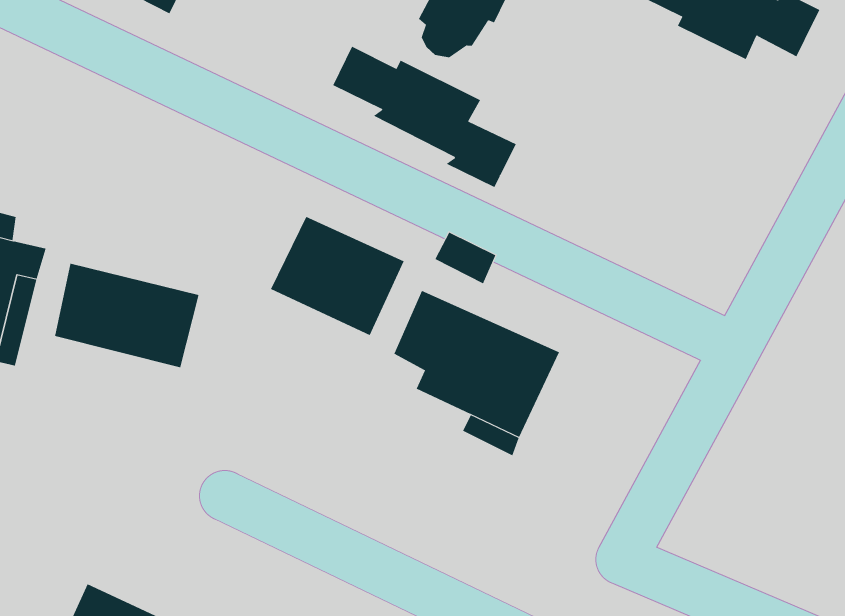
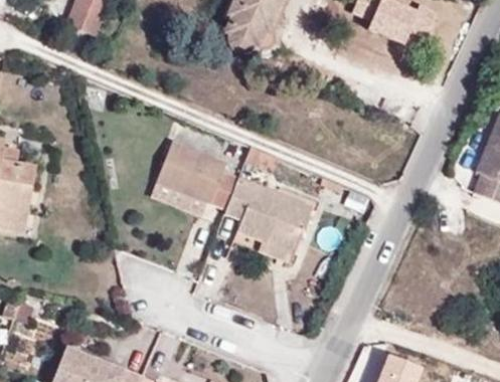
building: [333,46,516,188] -> none
building: [55,263,199,368] -> none

